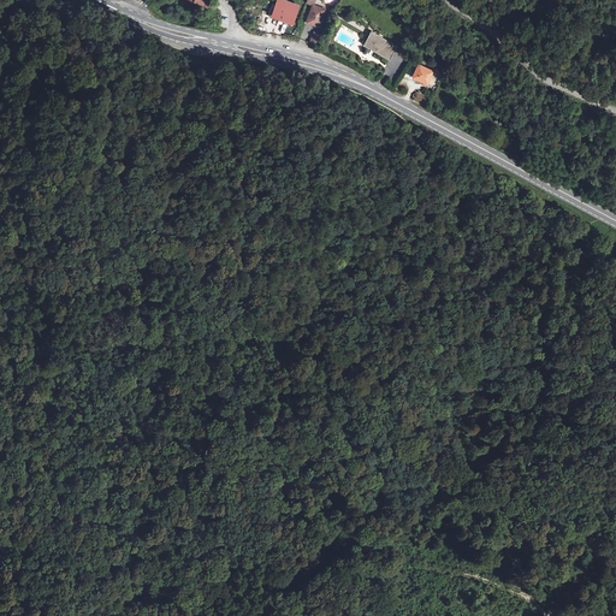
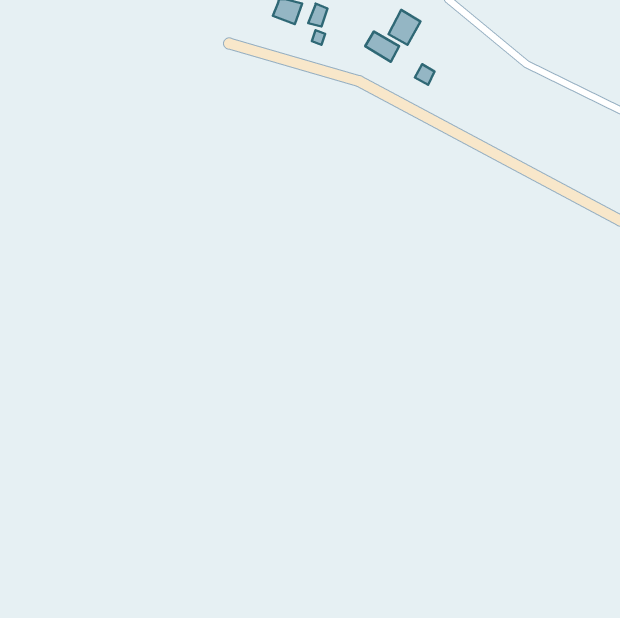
building: none -> [389,10,421,45]

